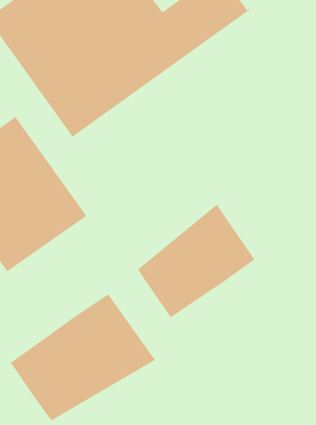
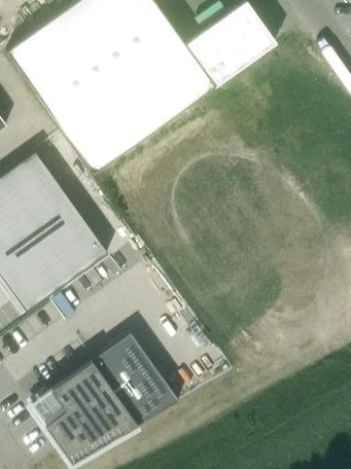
building: [137,204,255,318] -> none

